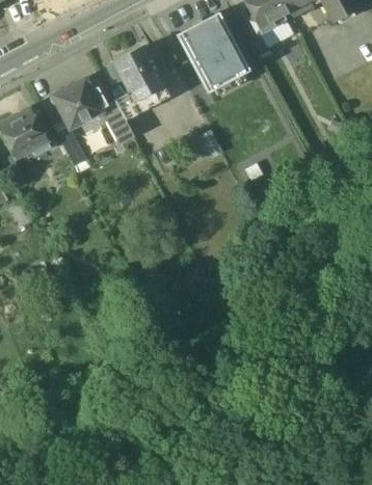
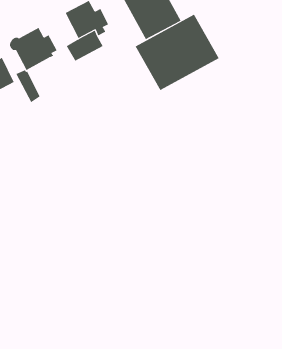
building: none -> [135,14,219,91]
building: [97,101,134,147] -> none

